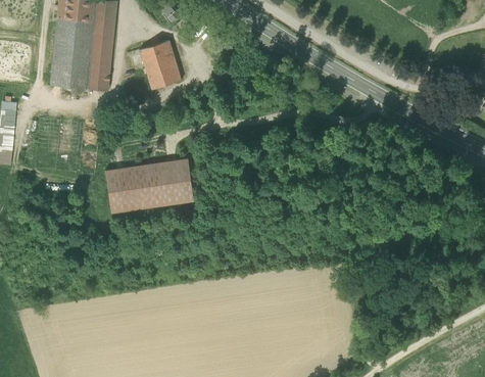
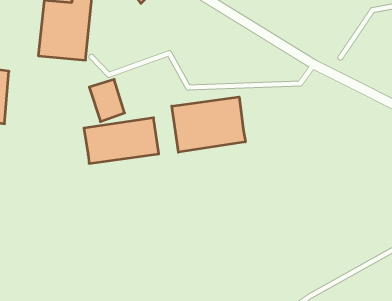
building: [139,40,181,90] -> [89,79,125,122]
building: none -> [172,97,245,152]

